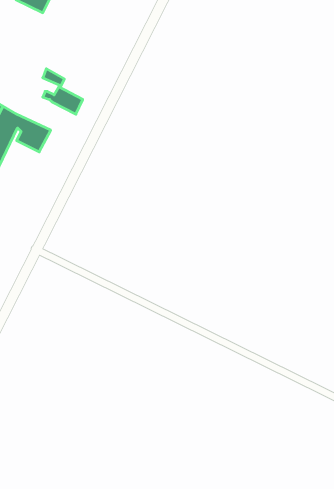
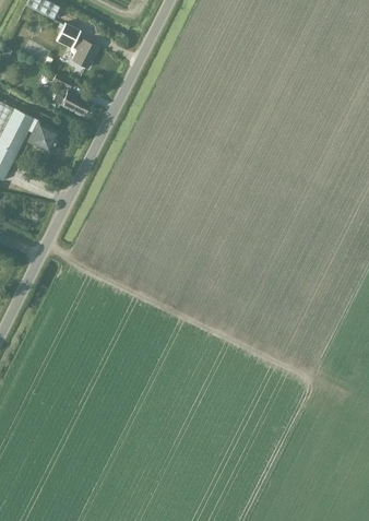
building: none -> [56,23,98,69]

